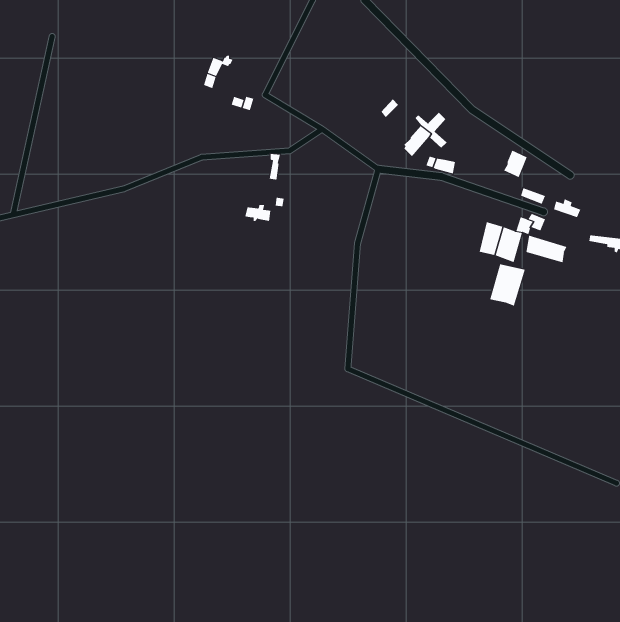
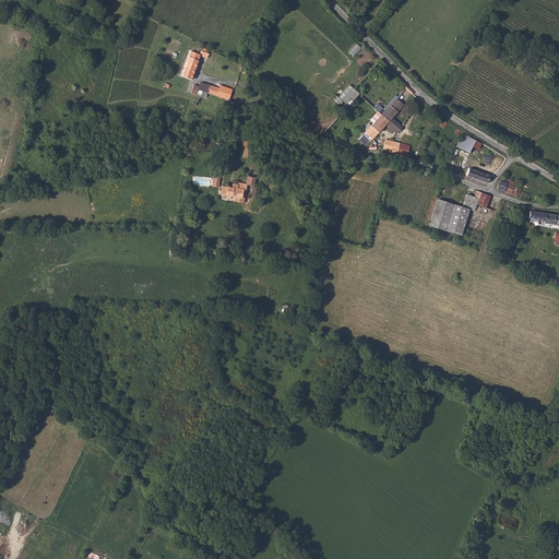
building: [526,235,567,263] -> none
building: [489,264,525,307] -> none

